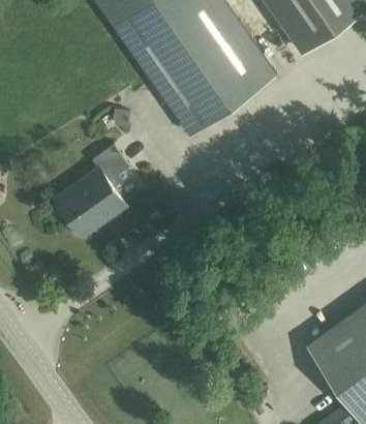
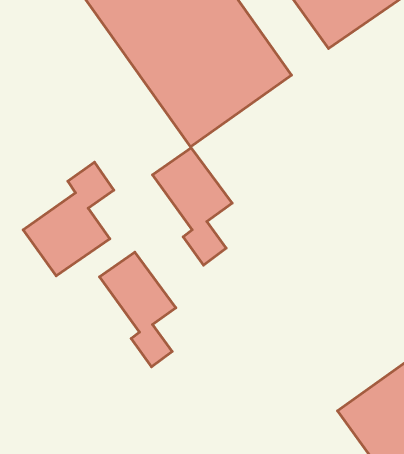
building: none -> [153,148,232,265]
building: none -> [100,252,176,367]

